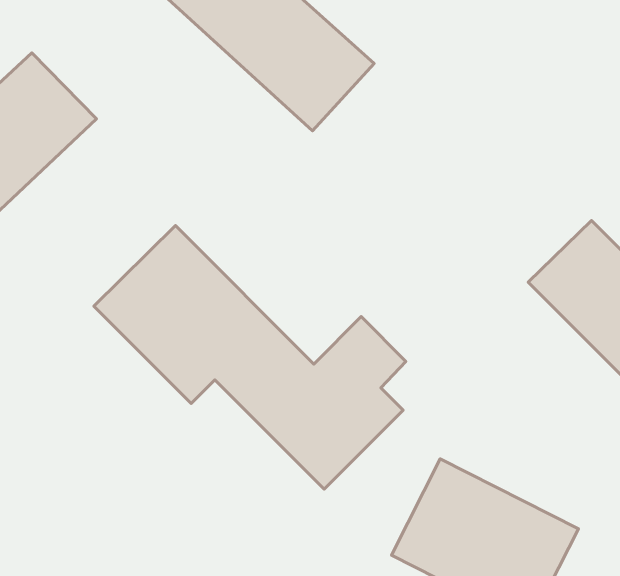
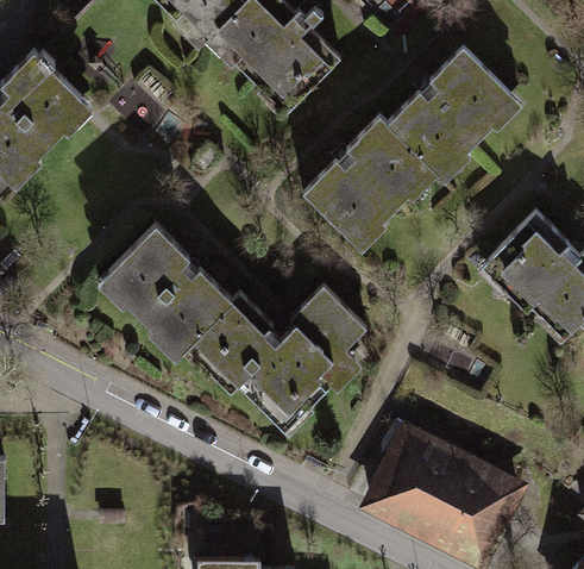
building: none -> [297,45,519,265]

